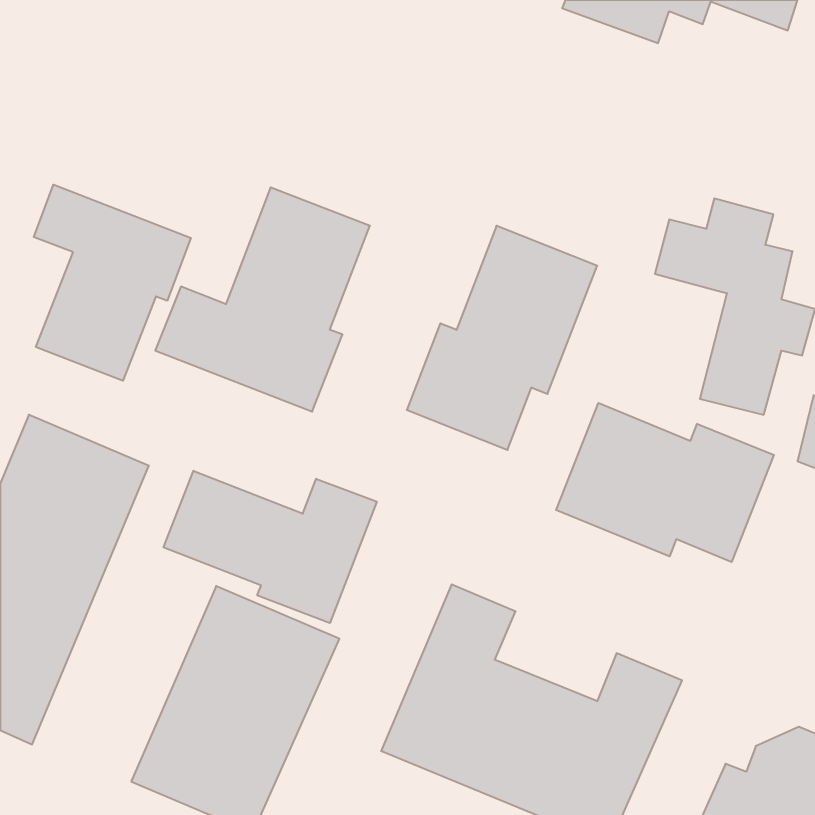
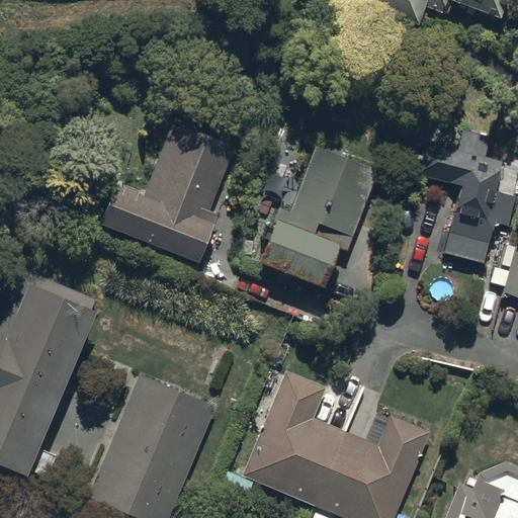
building: [34,185,191,381] -> none
building: [556,403,774,562] -> none
building: [164,471,377,623] -> none

